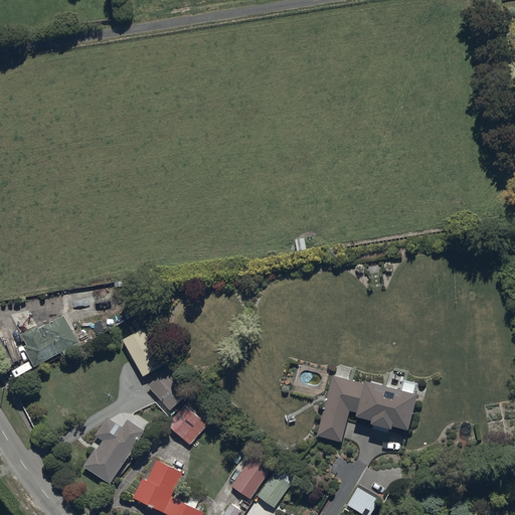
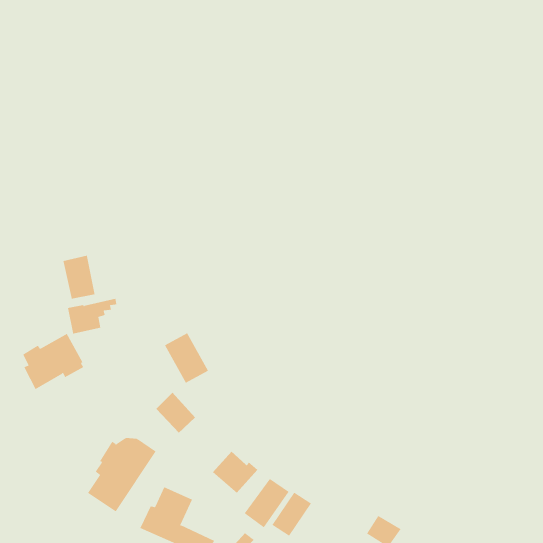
building: none -> [63,255,95,299]
building: [122,329,164,377] -> [164,332,209,384]
building: [317,376,416,443] -> none
building: [166,405,209,446] -> [212,451,258,493]

